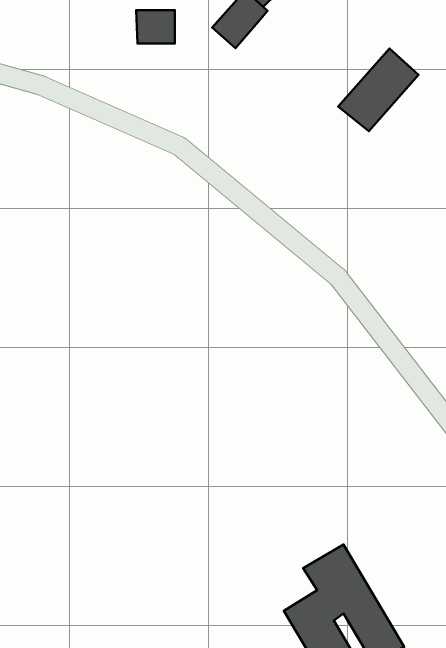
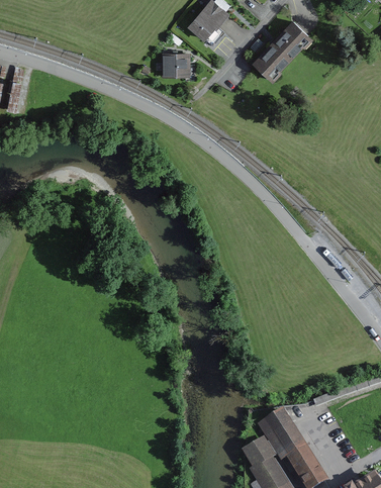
building: [136,10,175,43] -> [162,54,190,78]
building: [338,49,418,131] -> [252,20,310,81]

